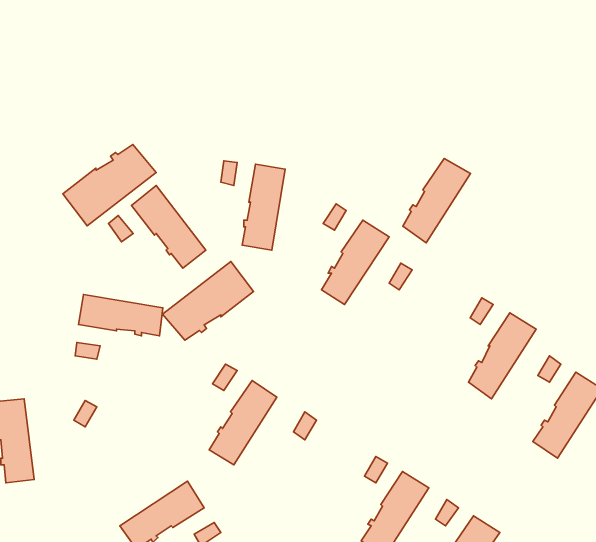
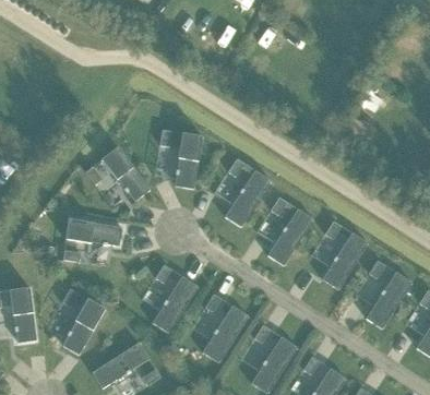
building: [63,145,156,226] -> none
building: [403,158,471,243] -> [267,208,312,264]
building: [163,262,253,340] -> none
building: none -> [60,299,104,356]
building: none -> [201,306,246,362]

